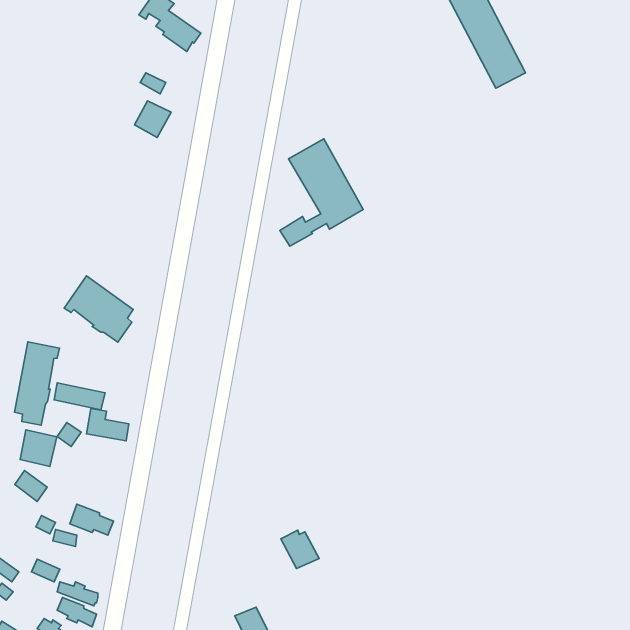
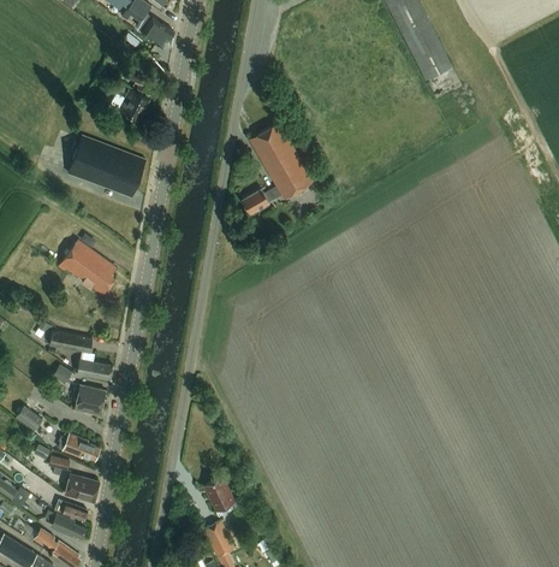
building: none -> [67,136,144,197]
building: [14,342,60,425] -> none
building: [20,430,57,466] -> [75,385,106,417]
building: [281,530,319,568] -> [203,479,236,512]
building: none -> [65,474,100,503]

